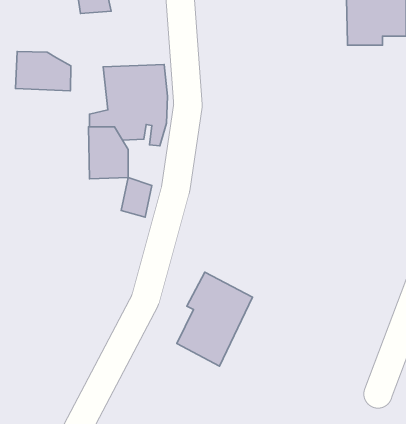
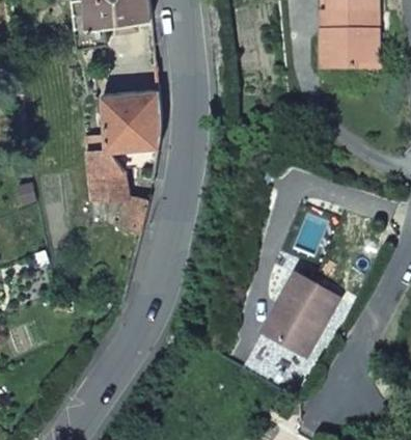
building: [15,52,71,91] -> none
building: [177,272,252,366] -> [271,273,340,359]

